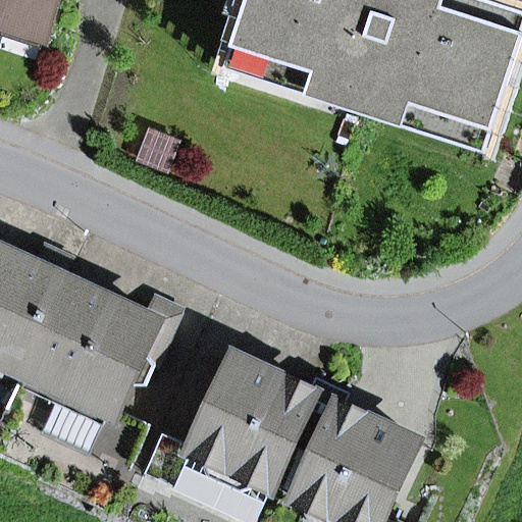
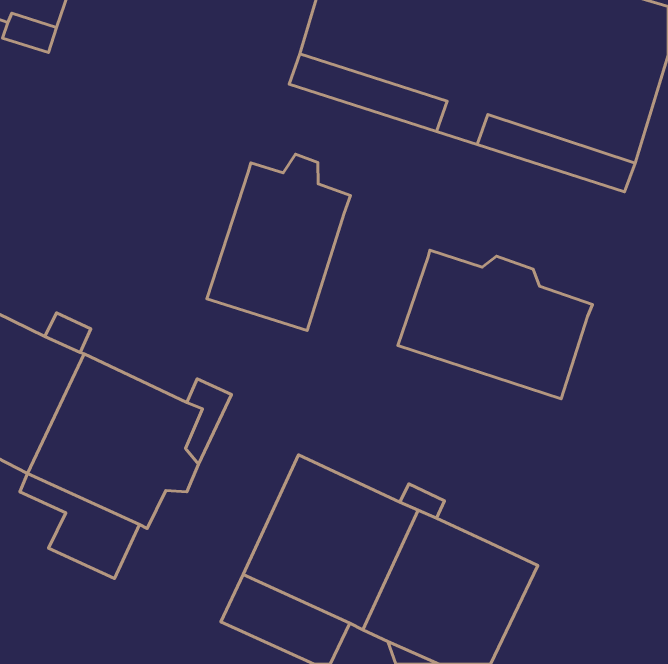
building: none -> [207,154,350,330]
building: none -> [398,250,592,399]

